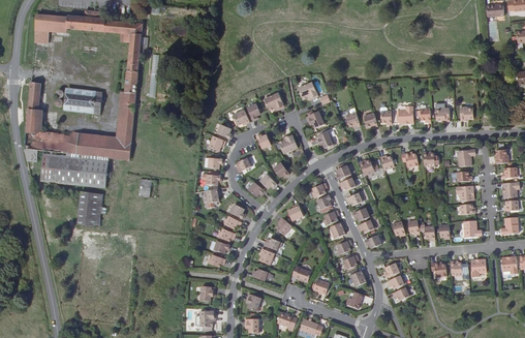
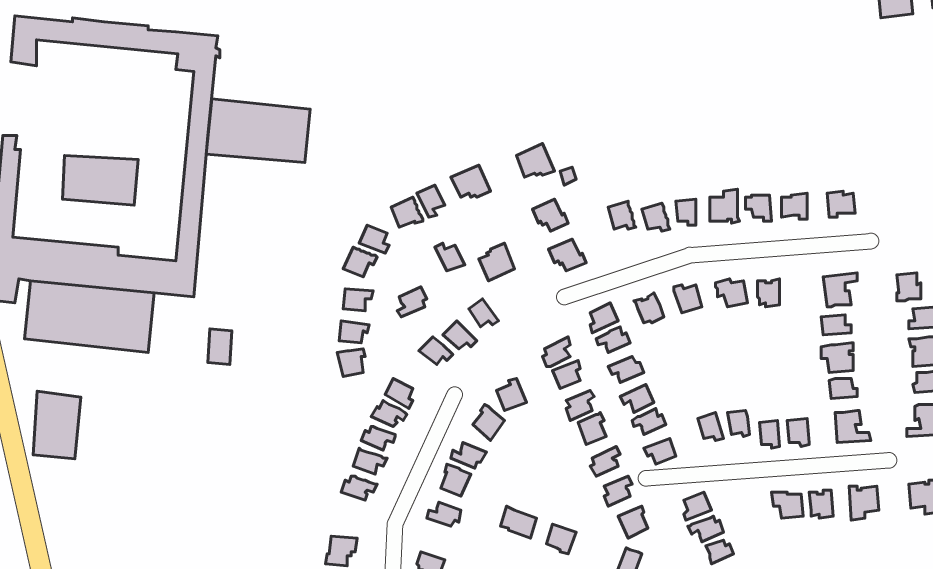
building: none -> [206,99,310,162]
building: [80,193,104,228] -> [33,391,81,459]

